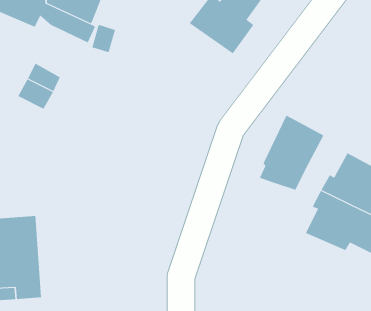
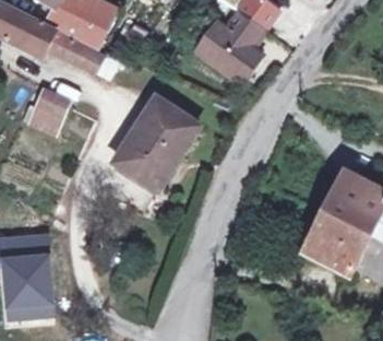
building: none -> [113,96,195,192]
building: [259,115,324,190] -> none

